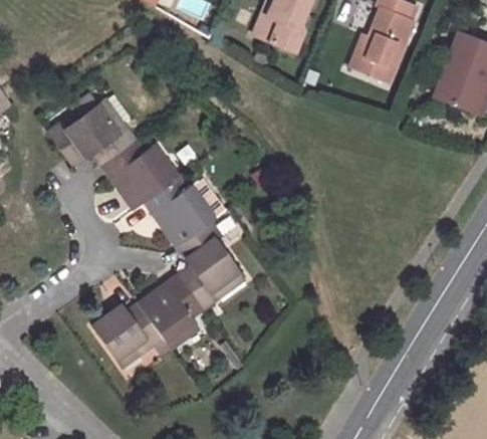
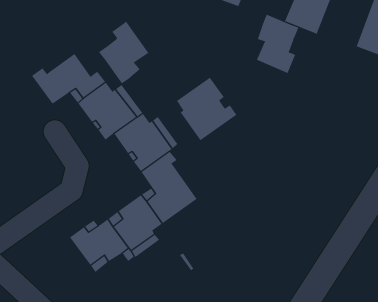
building: none -> [256,14,299,74]
building: none -> [98,21,149,84]
building: none -> [176,77,237,141]

